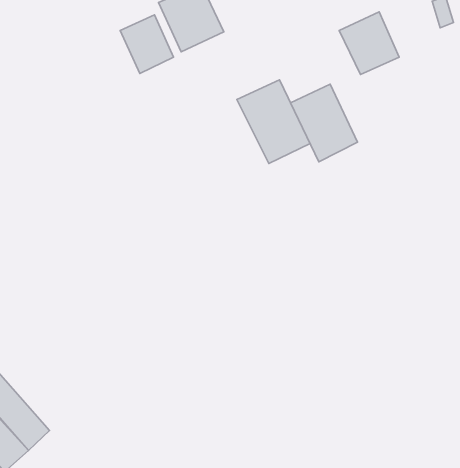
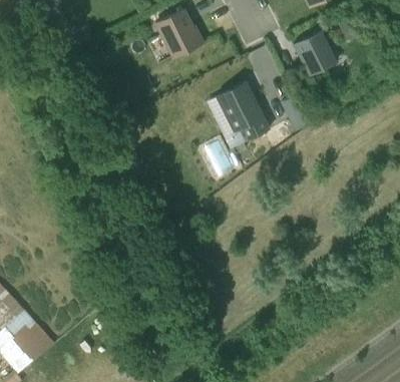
building: [120,15,173,73] -> none
building: [291,84,357,162] -> none

